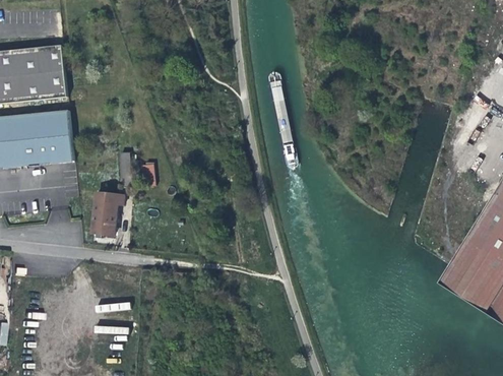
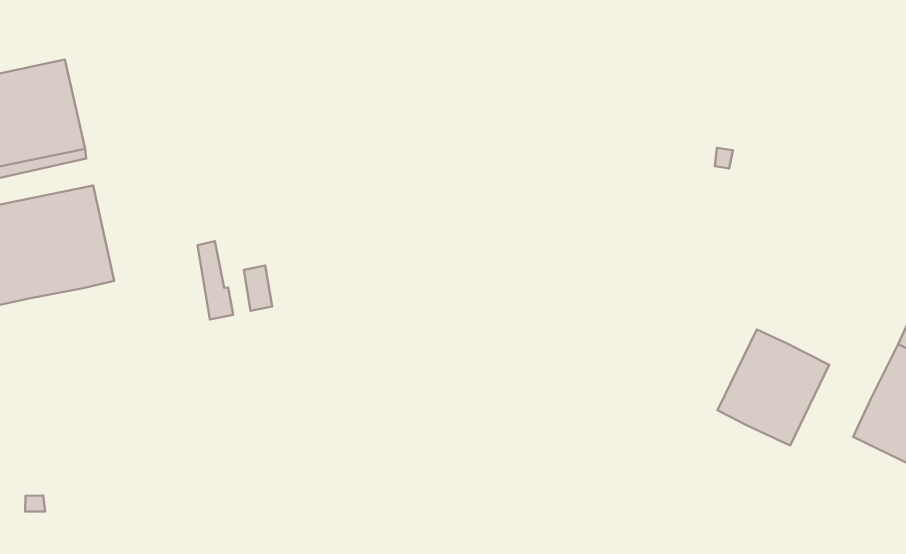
building: [92,191,124,234] -> none
building: none -> [717,330,829,446]

